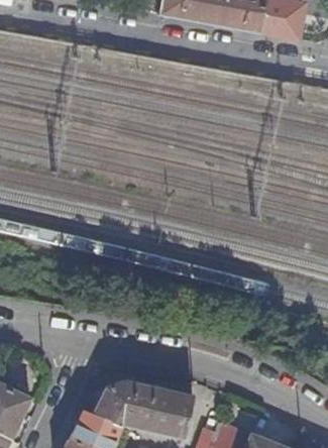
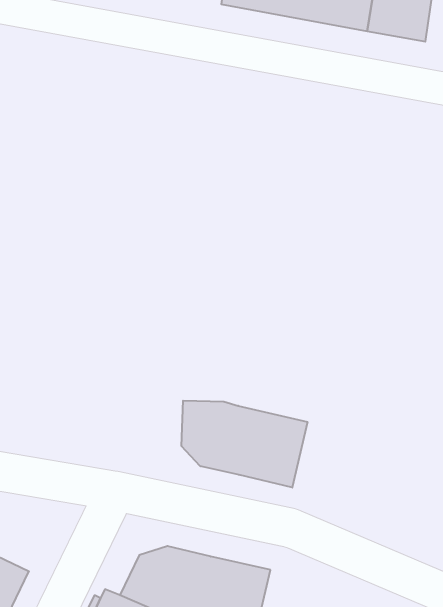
building: none -> [182,401,307,488]

